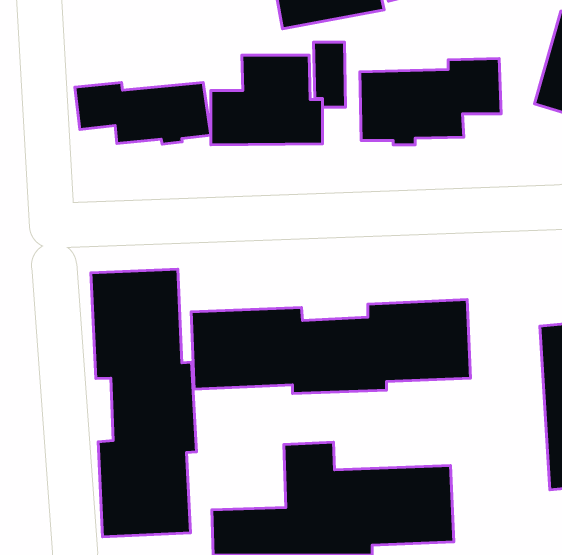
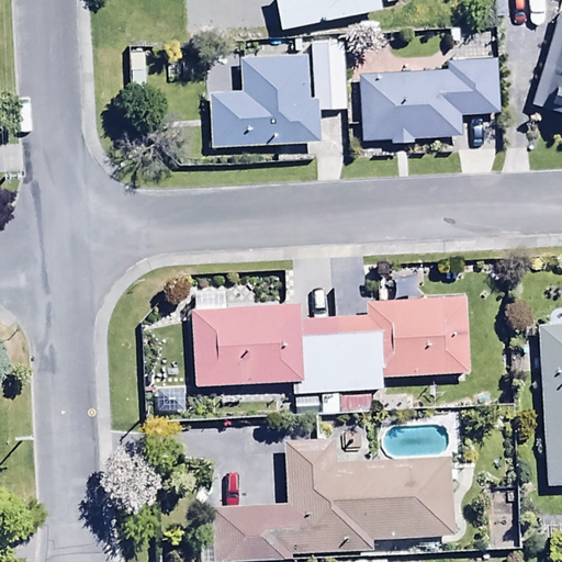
building: [75,83,211,144] -> none
building: [91,269,196,537] -> none

